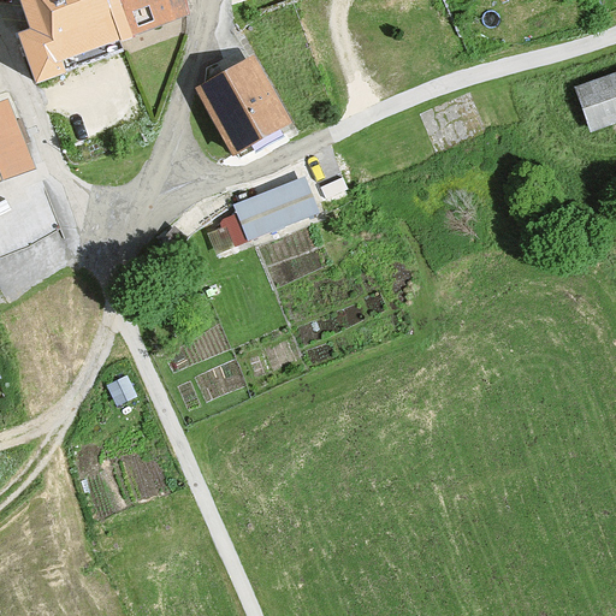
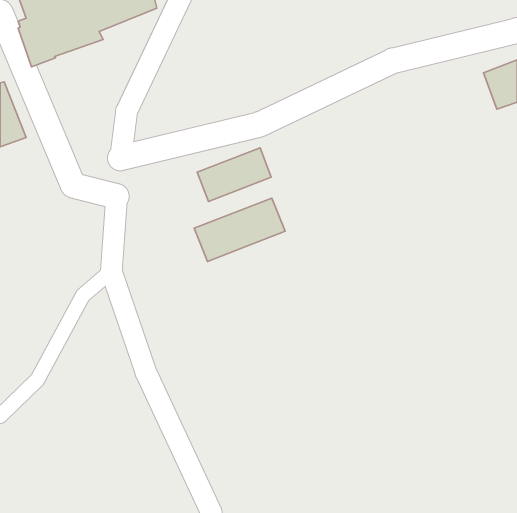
building: [196,60,291,158] -> none
building: none -> [194,198,285,261]

